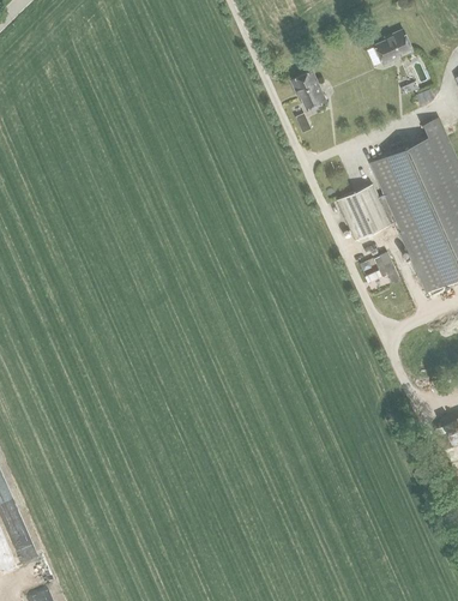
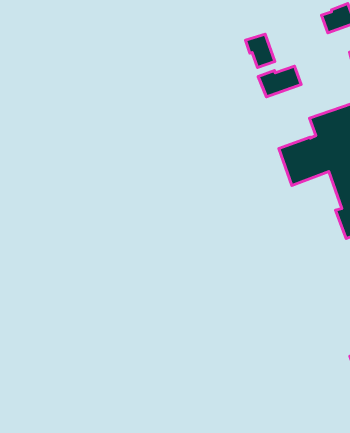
building: none -> [258,66,301,97]

